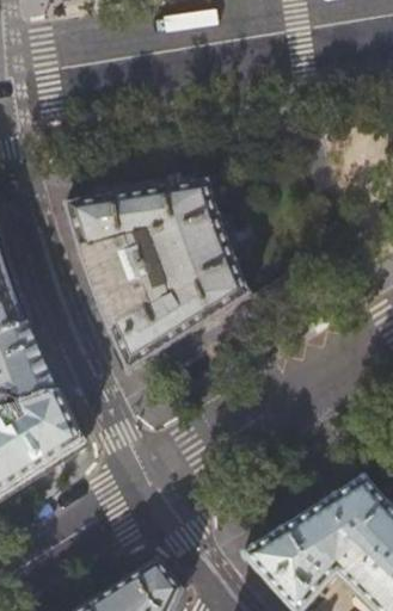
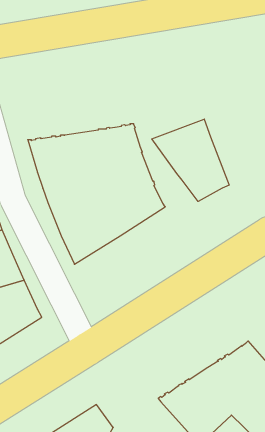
building: none -> [152,119,229,201]

